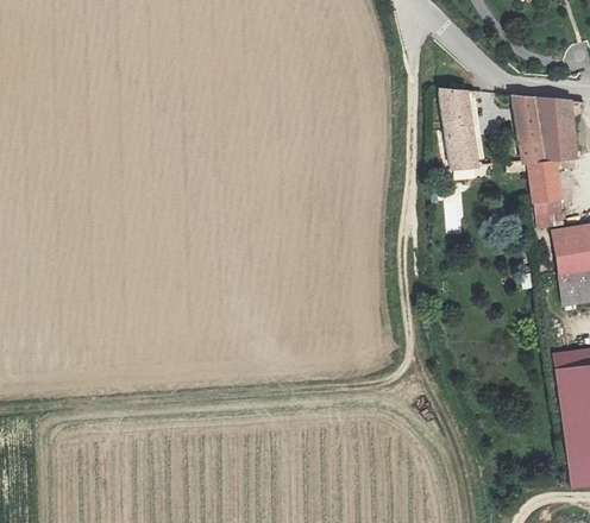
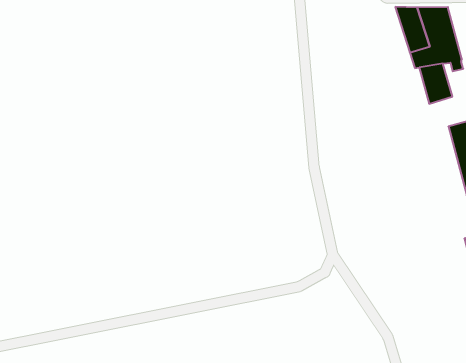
building: [437,87,477,170] -> none
building: [534,197,563,229] -> none

